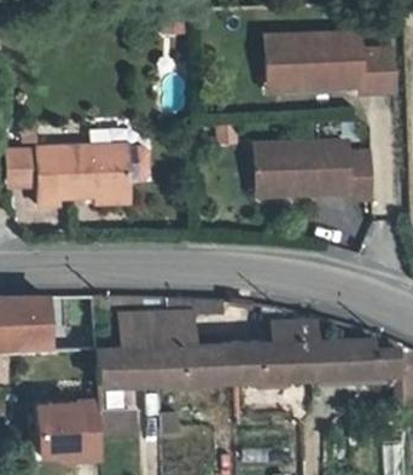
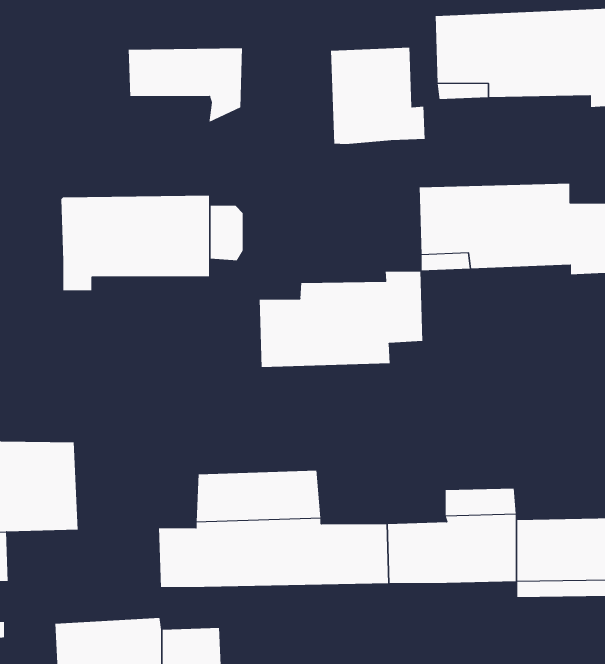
building: none -> [330,47,425,145]
building: none -> [128,48,242,123]
building: [7,151,40,189] -> none
building: none -> [259,271,423,368]

